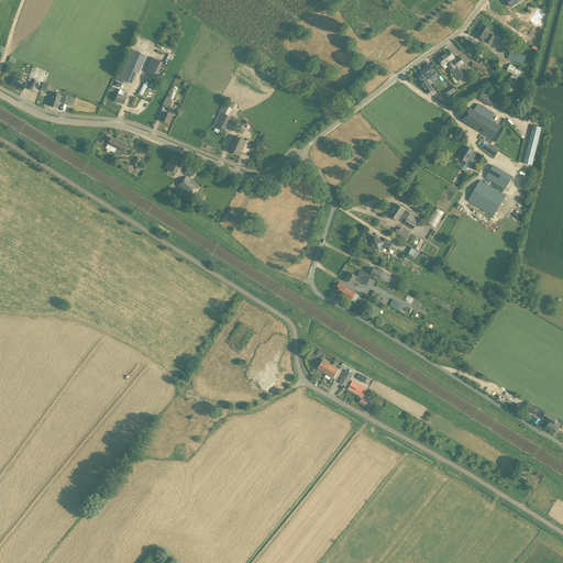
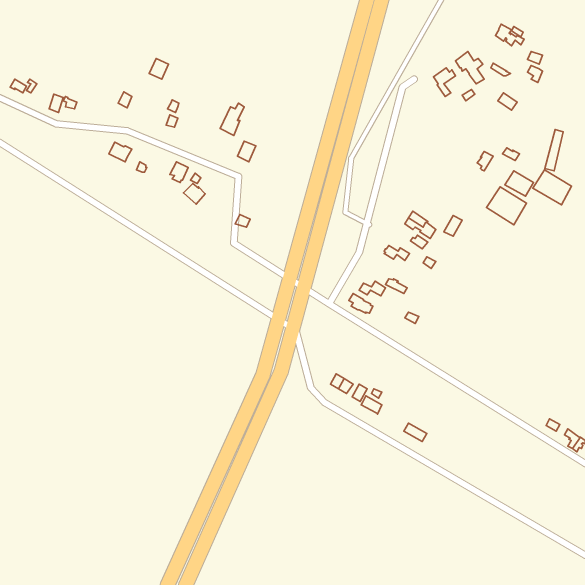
building: [113,47,145,84] -> none
building: [461,102,500,139] -> none
building: none -> [533,170,572,205]

